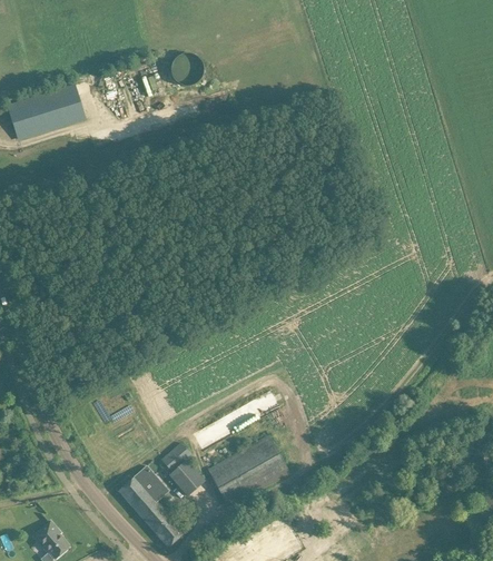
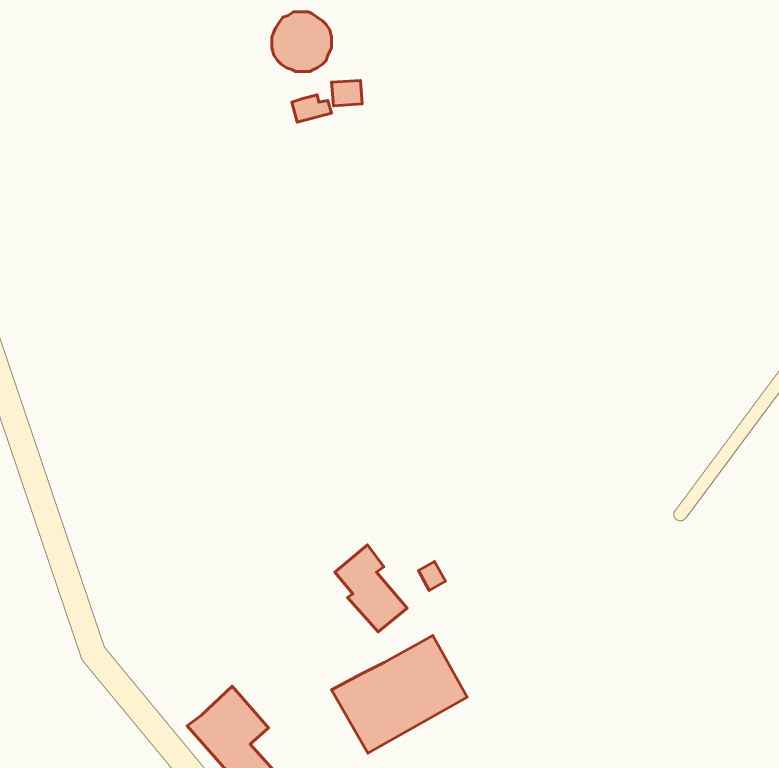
building: [8,85,86,140] -> none
building: [161,443,206,496] -> [335,545,407,632]

